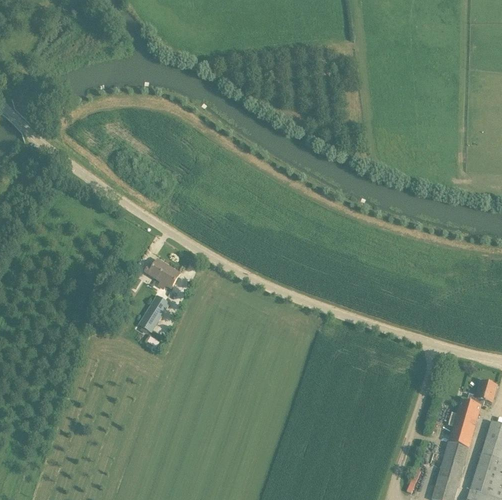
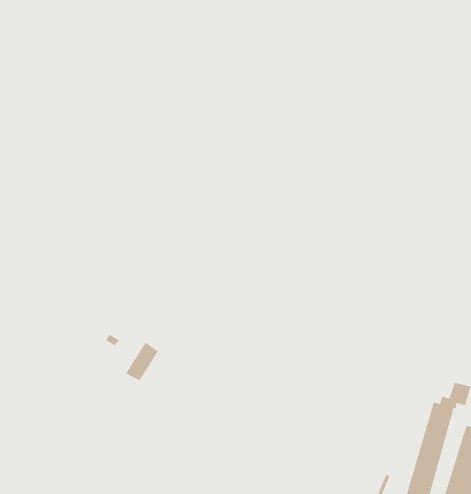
building: [144,259,180,289] -> none
building: [138,295,170,332] -> [125,342,159,381]

